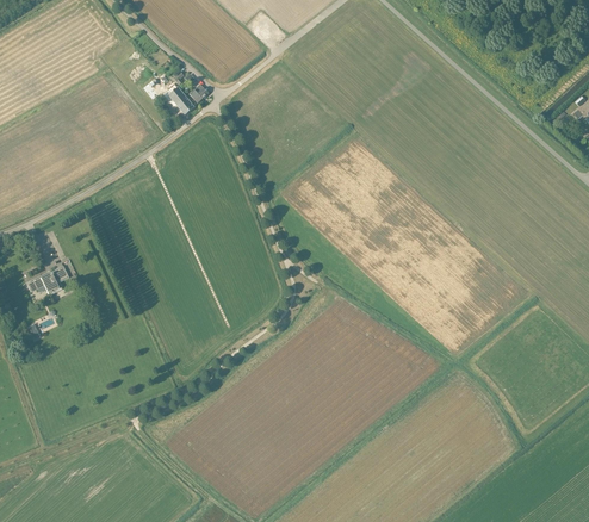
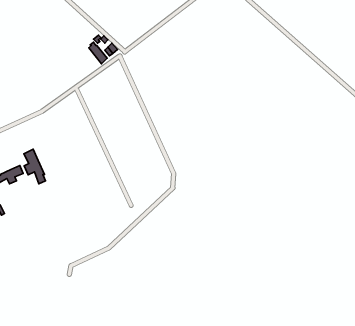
building: none -> [24,149,45,184]

